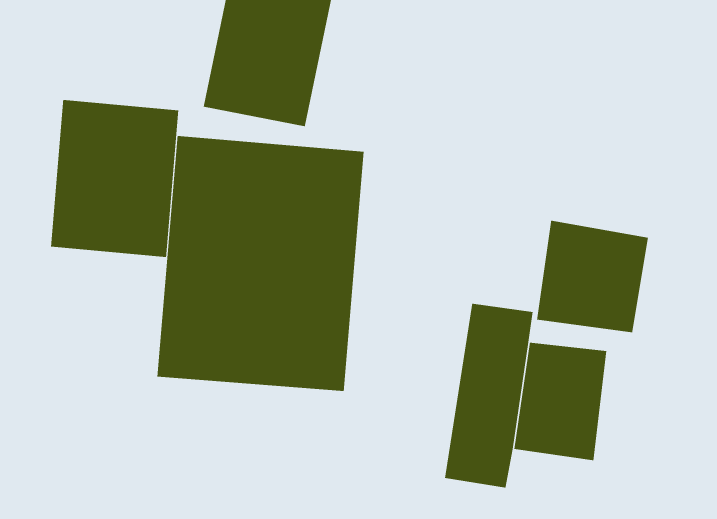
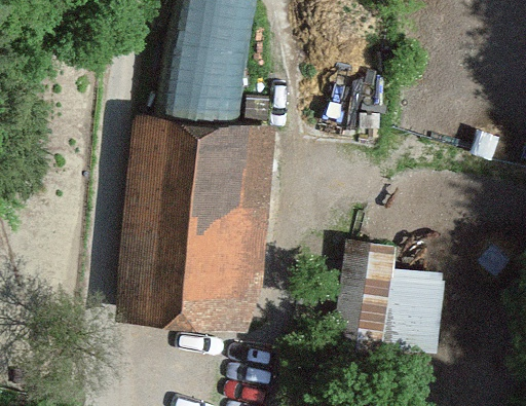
building: [51,99,179,258] -> none
building: [536,220,649,333] -> none

